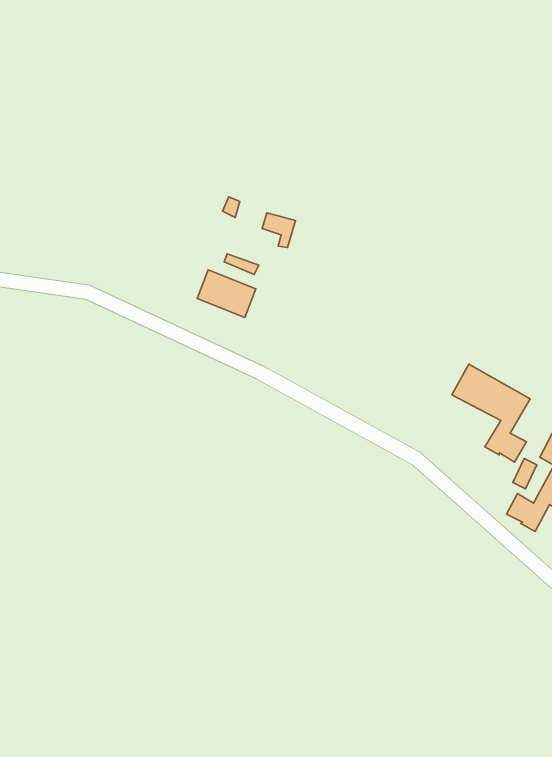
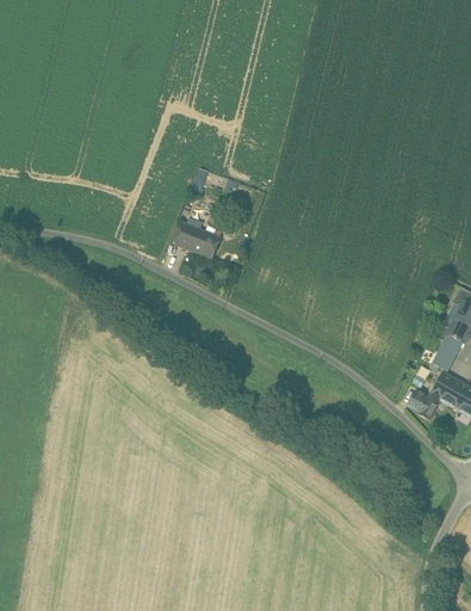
building: [452,364,530,462] -> none

